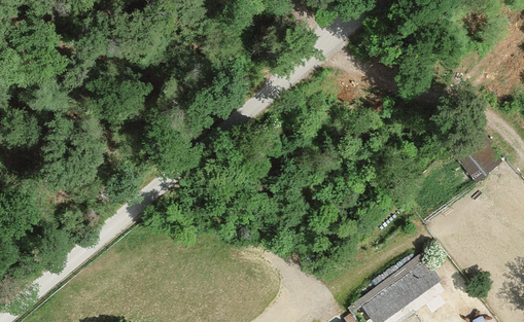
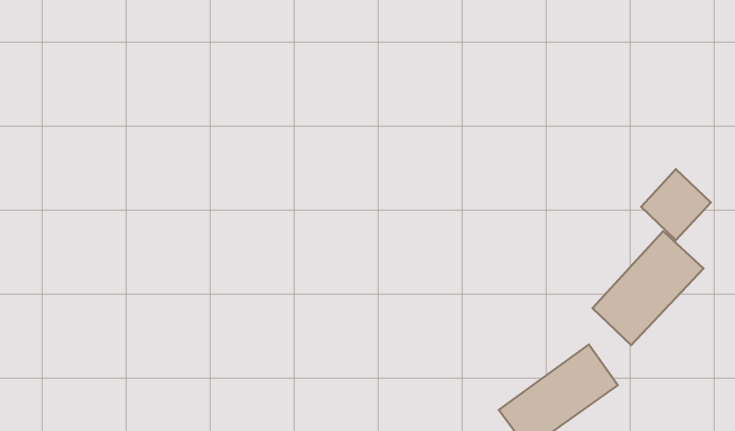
building: none -> [592,231,703,345]

